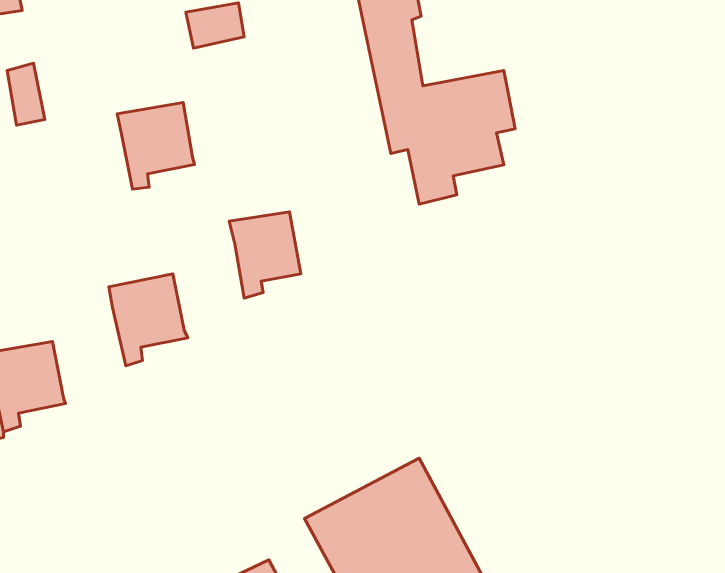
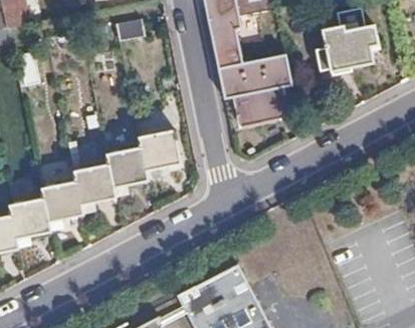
building: none -> [322,21,376,71]
building: [117,103,194,189] -> [107,146,148,193]
building: none -> [41,181,83,229]

